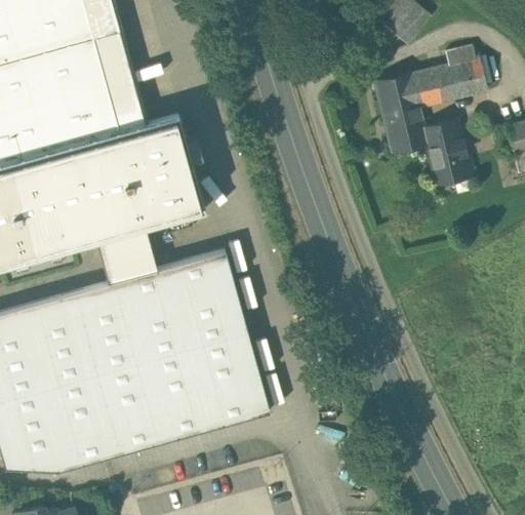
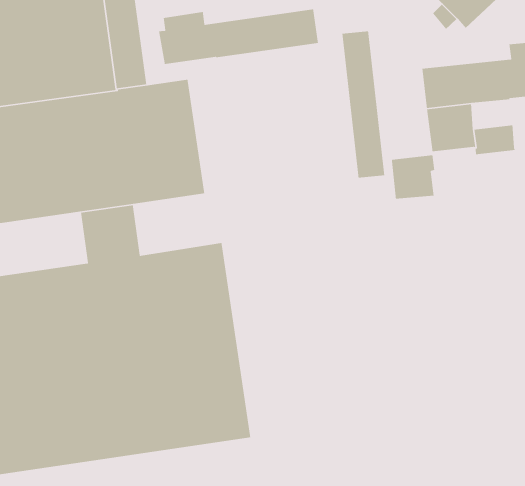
building: none -> [158,8,319,65]
building: none -> [341,31,385,179]
building: [426,140,468,184] -> [390,152,435,200]

